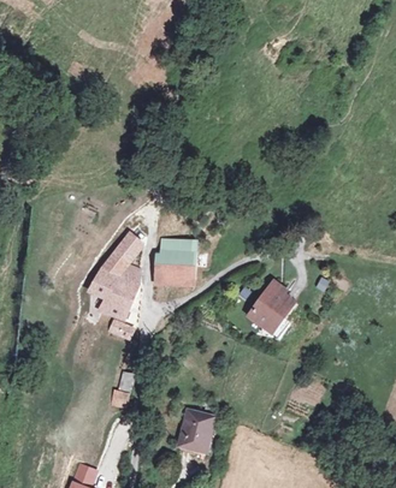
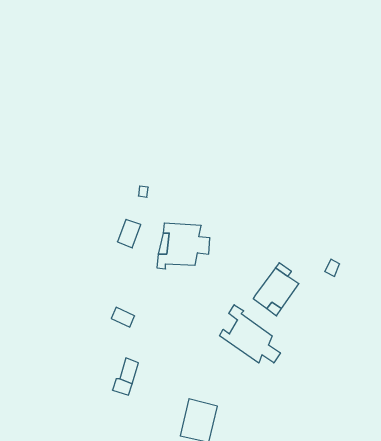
building: [88,267,140,320] -> none
building: none -> [220,305,280,363]

